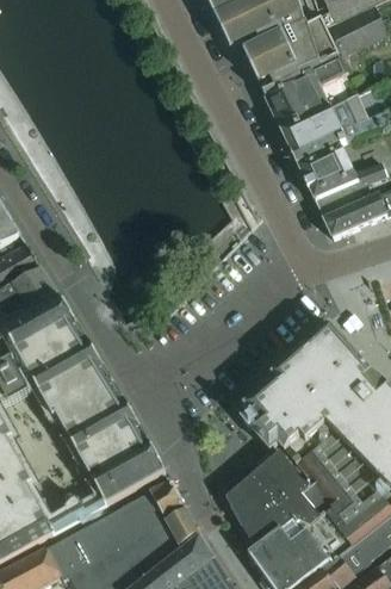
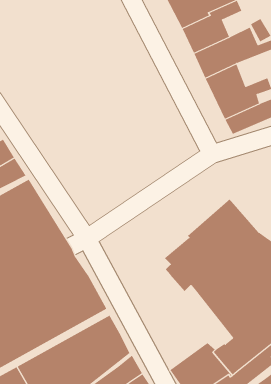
building: [225,450,334,556] -> none

